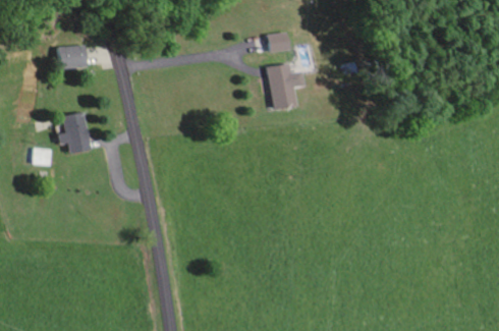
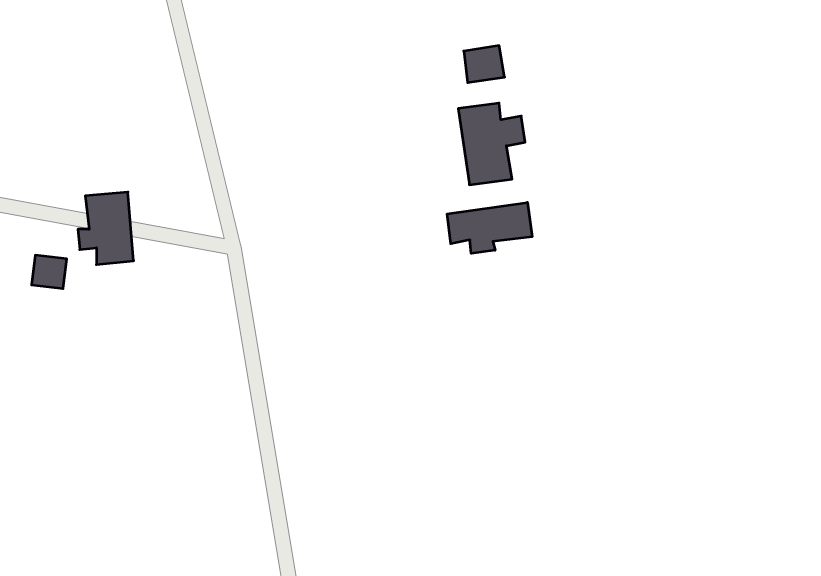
building: [58,45,89,69] -> none
building: none -> [447,202,532,253]

